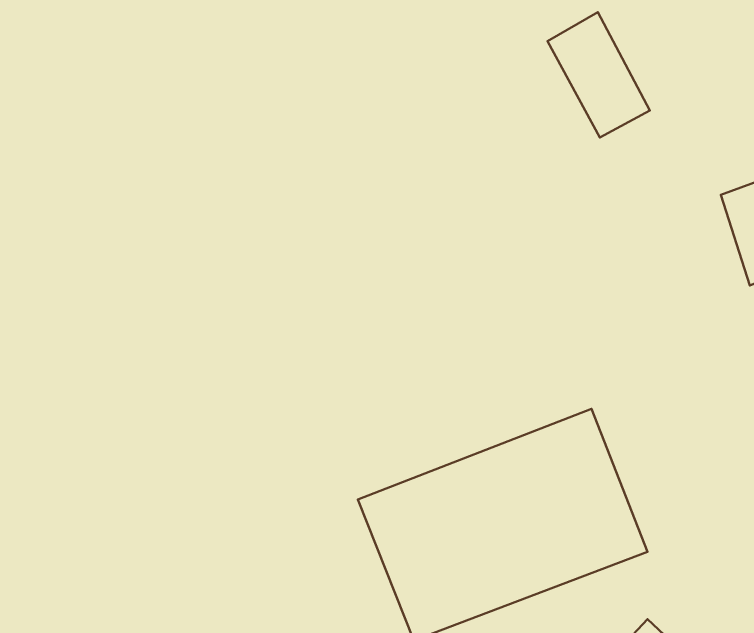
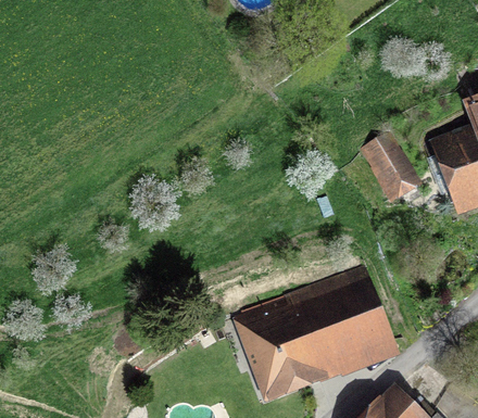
building: [548,12,650,137] -> [365,138,423,208]

